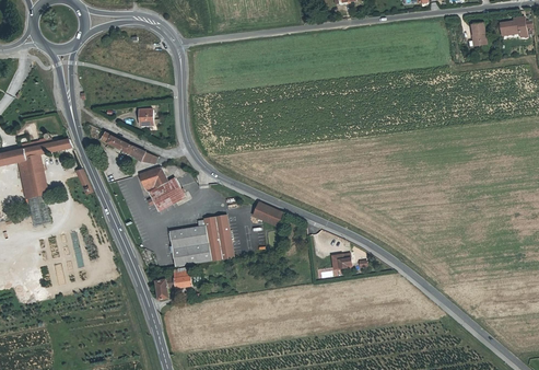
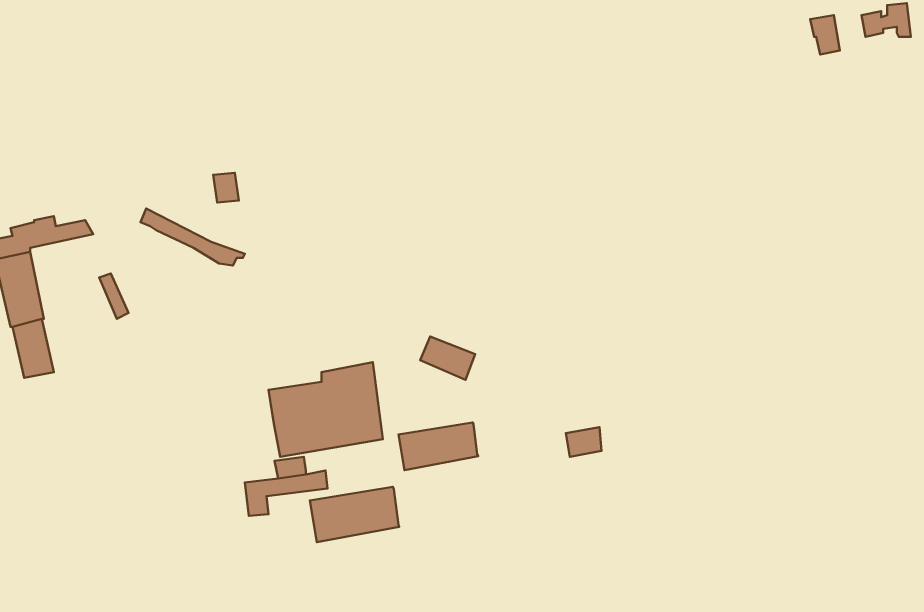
building: [140,166,185,210] -> none
building: none -> [398,422,478,470]
building: none -> [310,487,399,542]

